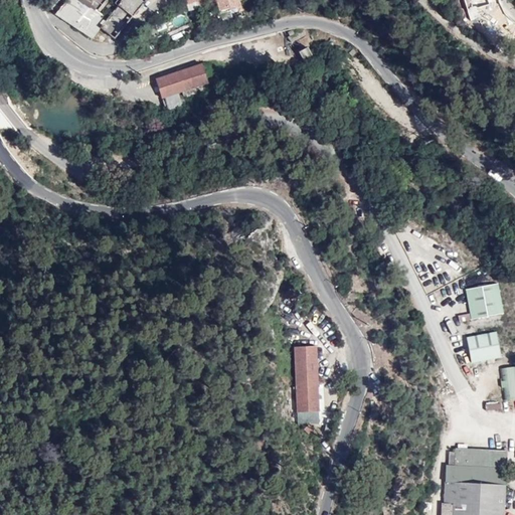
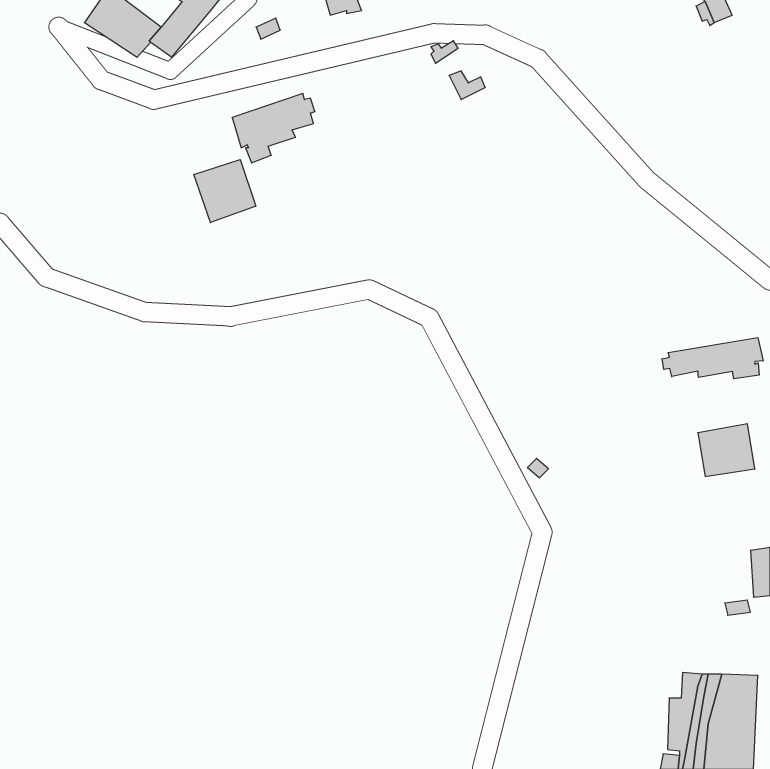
building: none -> [194,160,256,223]
building: none -> [662,338,763,379]
building: [466,330,502,362] -> none
building: [295,346,318,410] -> none

